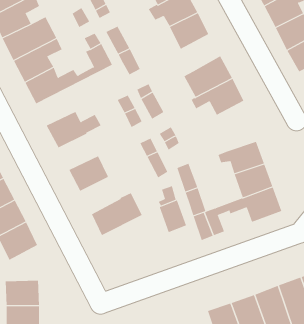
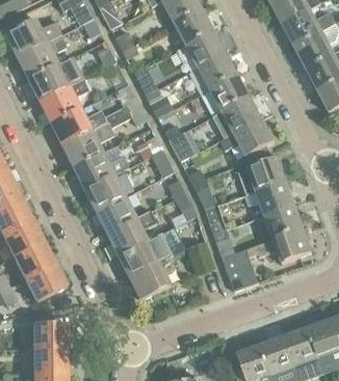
building: none -> [210,74,251,111]
building: none -> [63,105,149,166]
building: none -> [239,157,287,195]
building: none -> [86,174,127,211]
building: none -> [108,210,158,255]
building: none -> [130,256,177,299]

